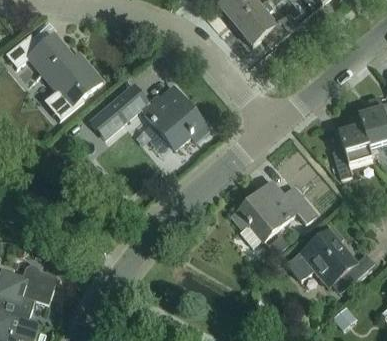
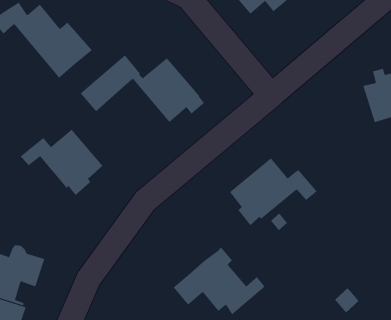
building: [332,113,373,178] -> none
building: none -> [20,129,103,196]
building: [286,224,374,289] -> [173,247,265,315]

